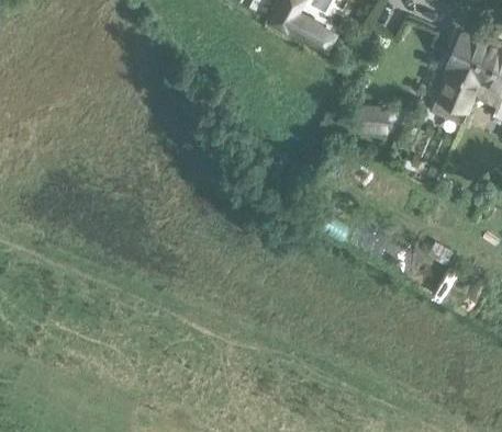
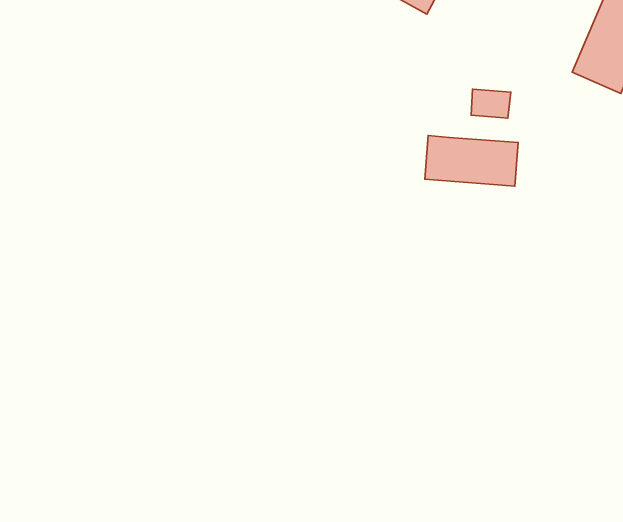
building: none -> [425,135,518,186]

